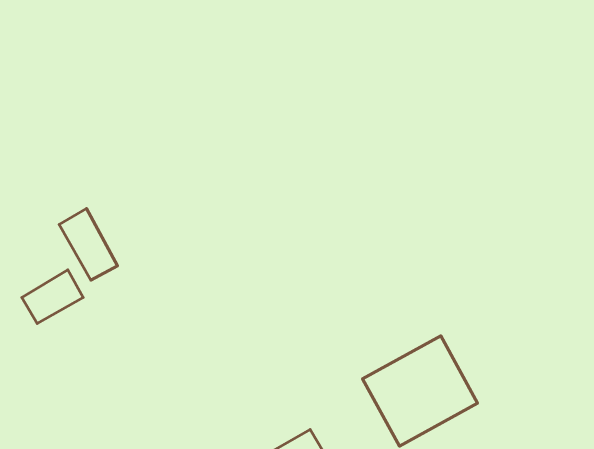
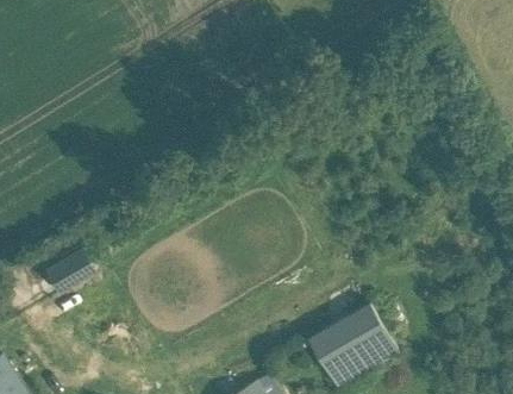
building: [59,209,117,280] -> none

